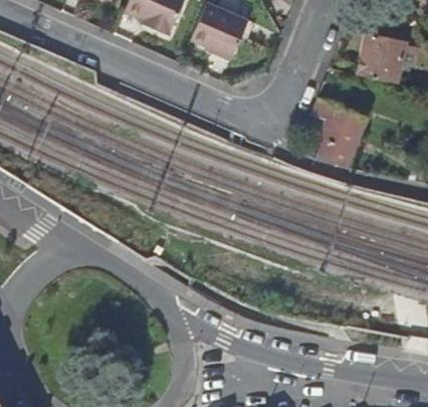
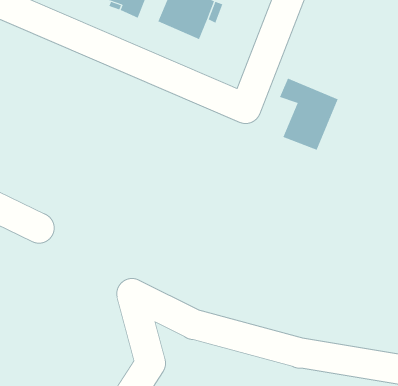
building: [360,34,406,83] -> none

